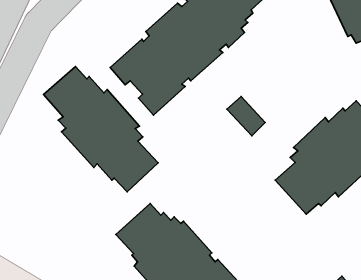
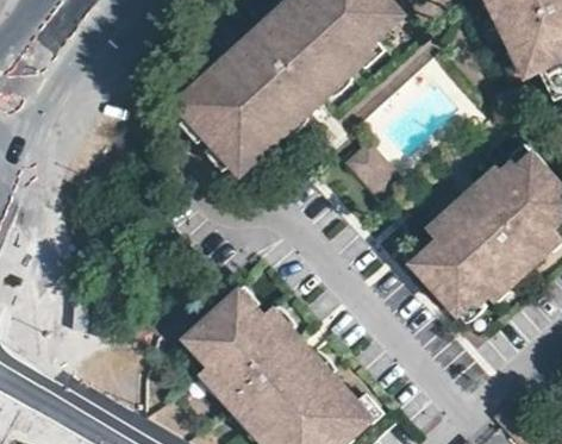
building: [44,66,158,192] -> none

